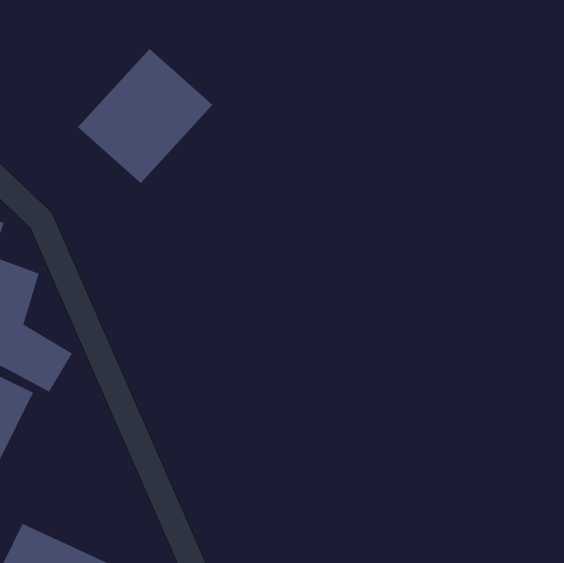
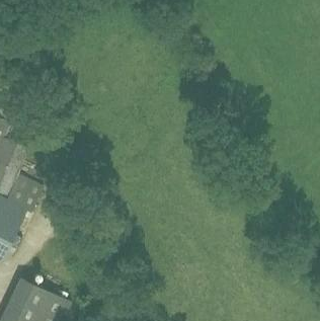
building: [77,48,213,184] -> none

